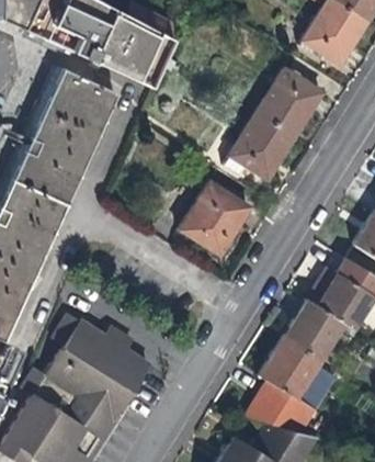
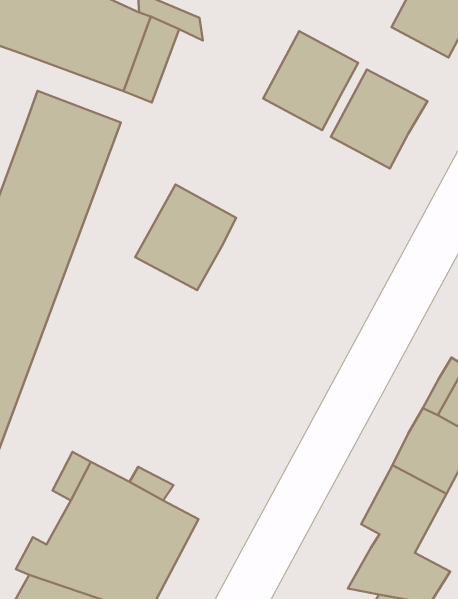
building: [231,112,297,180] -> [263,31,358,130]
building: [181,182,251,255] -> [135,185,236,290]

